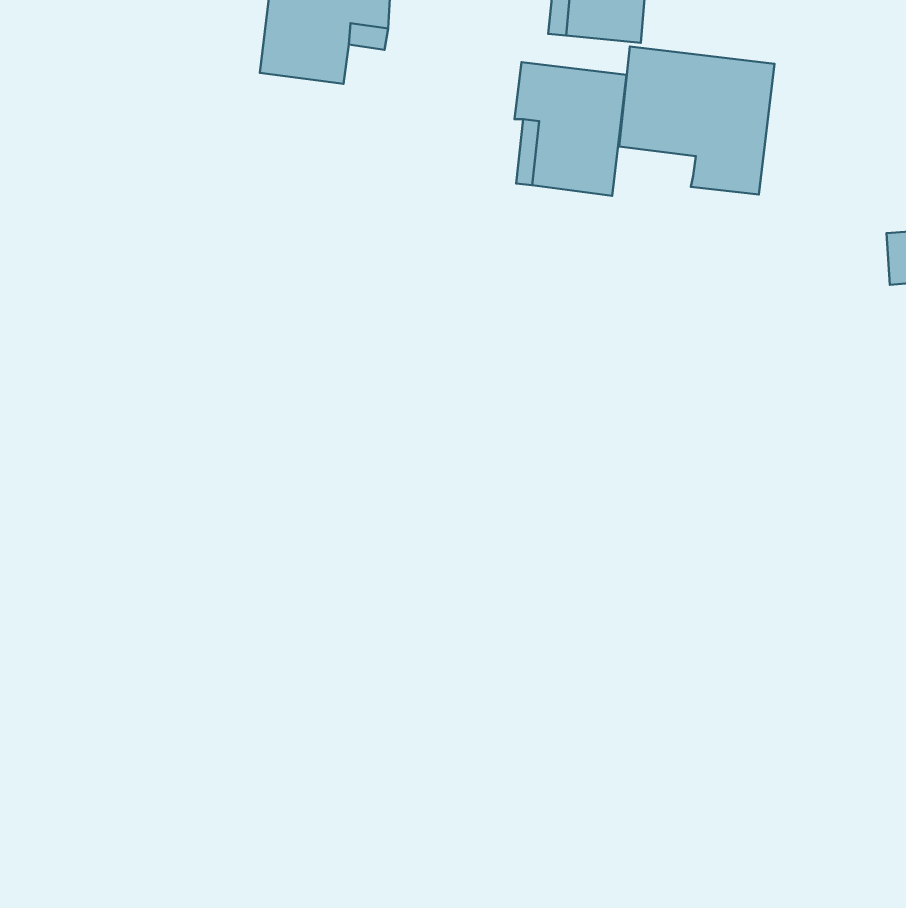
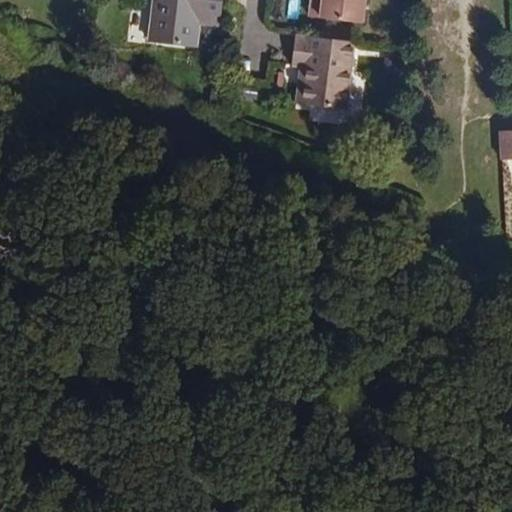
building: [619,46,774,194] -> none

